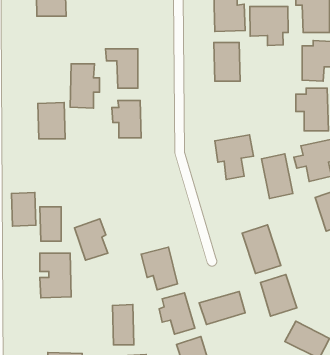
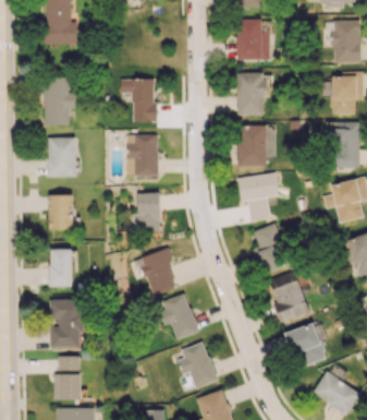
building: [250,7,288,45] -> none
building: [70,64,100,108] -> [44,77,75,125]
building: none -> [237,124,274,166]
building: [262,154,293,198] -> [254,224,288,272]
building: none -> [131,193,160,231]
building: [11,193,36,226] -> [48,194,74,230]
building: [74,219,108,260] -> [139,248,175,292]
building: [199,291,245,324] -> none
building: [112,304,134,345] -> [58,356,81,399]

